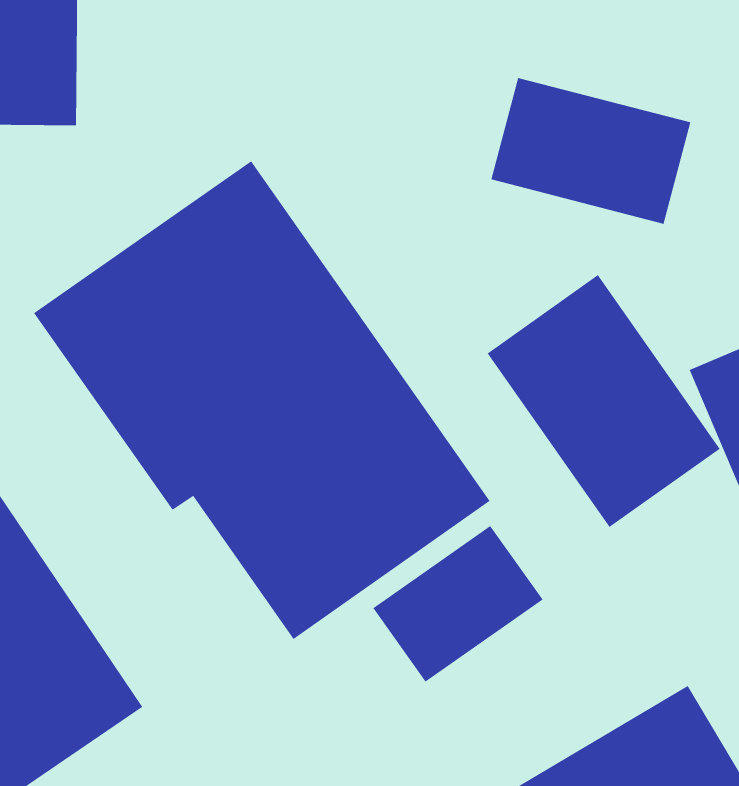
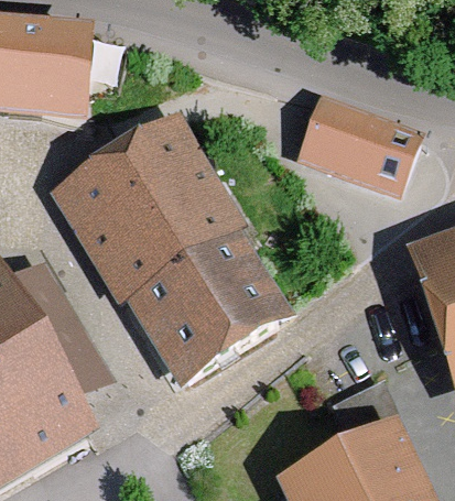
building: [487,274,720,528] -> none
building: [373,525,543,683] -> none

